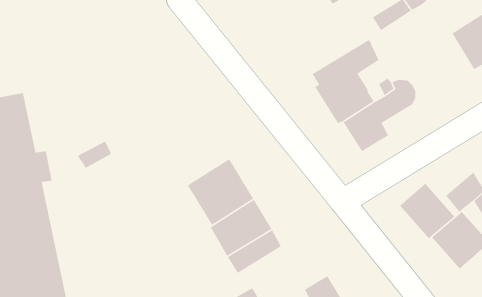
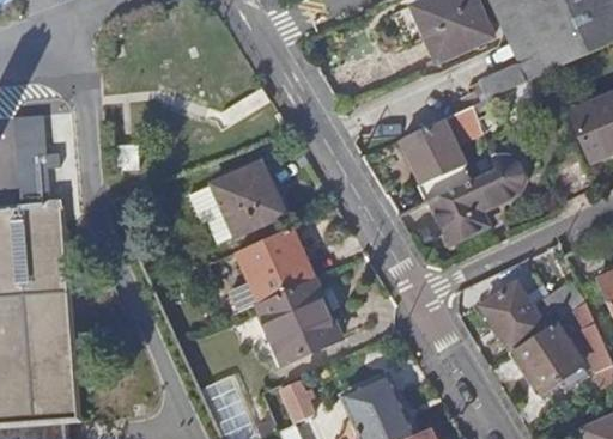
building: none -> [187,159,283,240]

